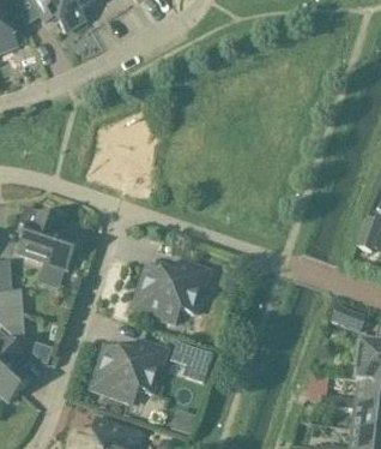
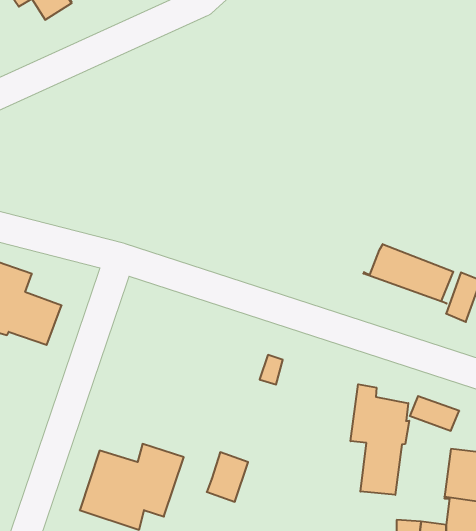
building: none -> [363,244,453,304]
building: [132,261,207,323] -> none
building: none -> [351,384,409,495]

